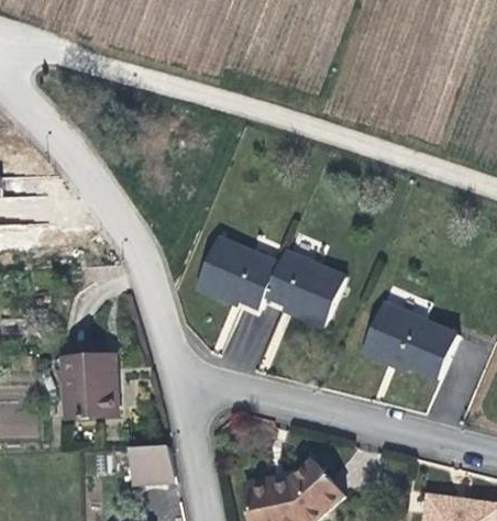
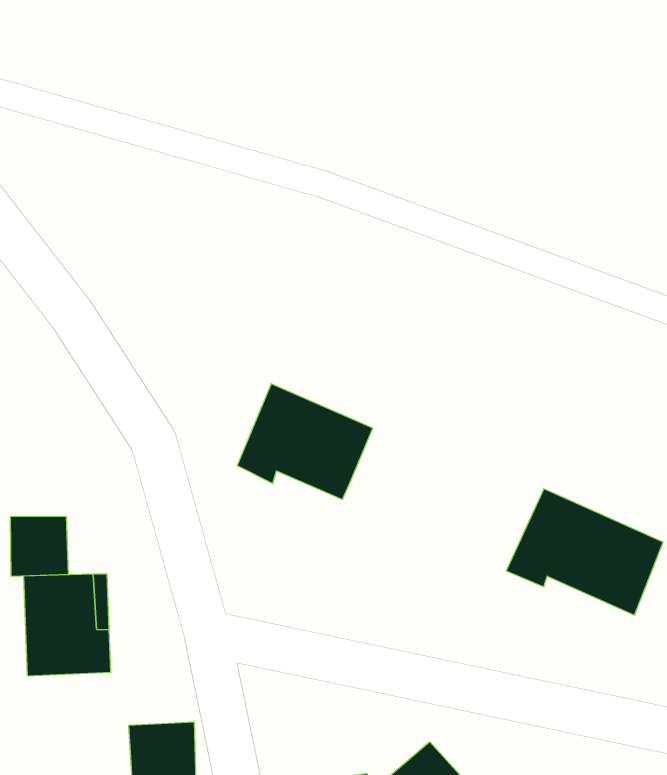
building: [265,253,344,326] -> none
building: none -> [10,516,68,576]

